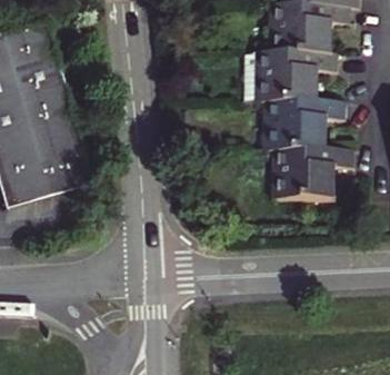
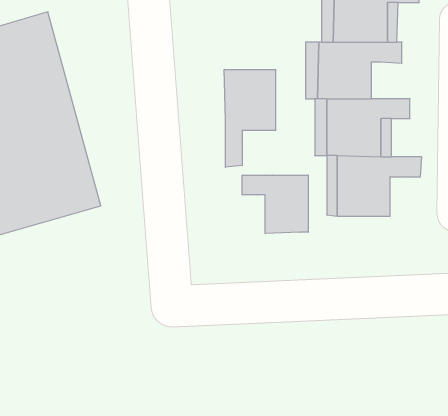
building: none -> [224,69,276,167]
building: none -> [242,175,308,234]

